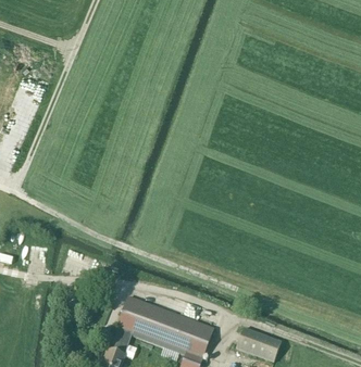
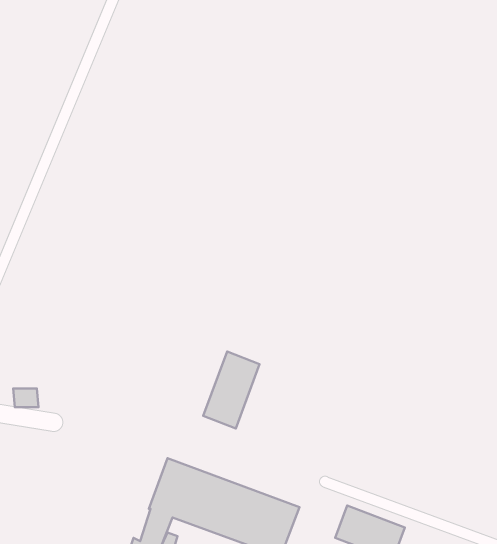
building: none -> [203,352,260,428]

